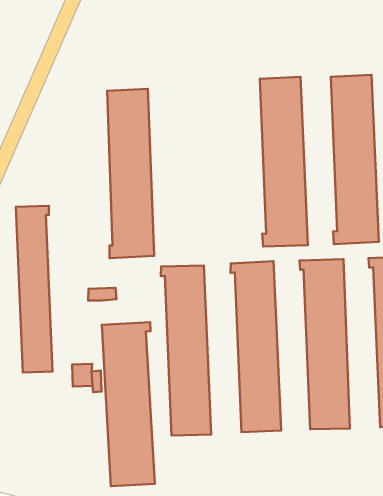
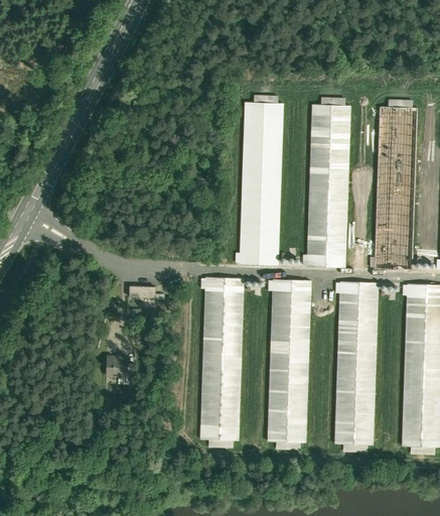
building: [107,89,154,258] -> [235,102,284,264]
building: [16,206,53,373] -> none
building: [102,322,155,486] -> none

